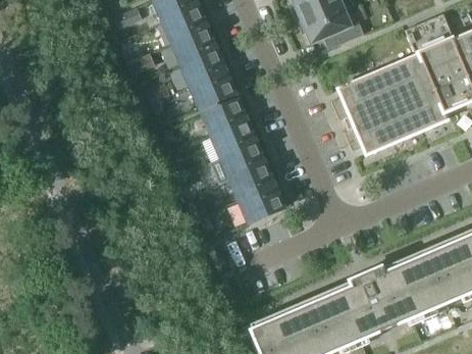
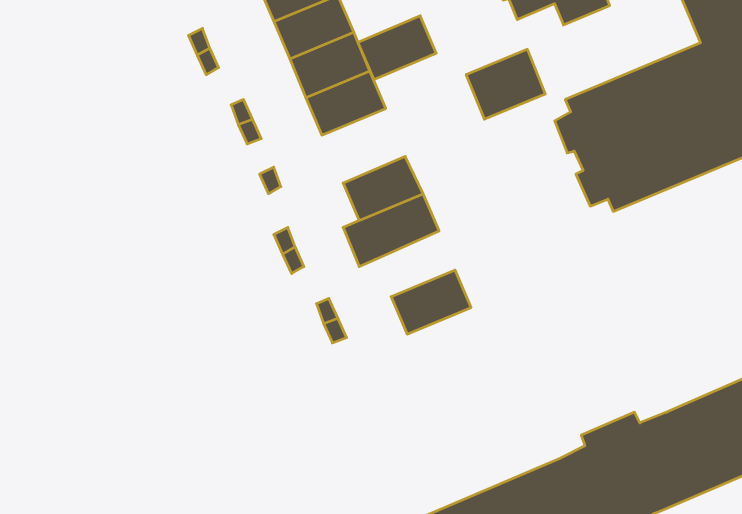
building: none -> [466,49,545,119]
building: [201,99,246,136] -> [358,16,436,80]
building: [228,163,274,201] -> none

